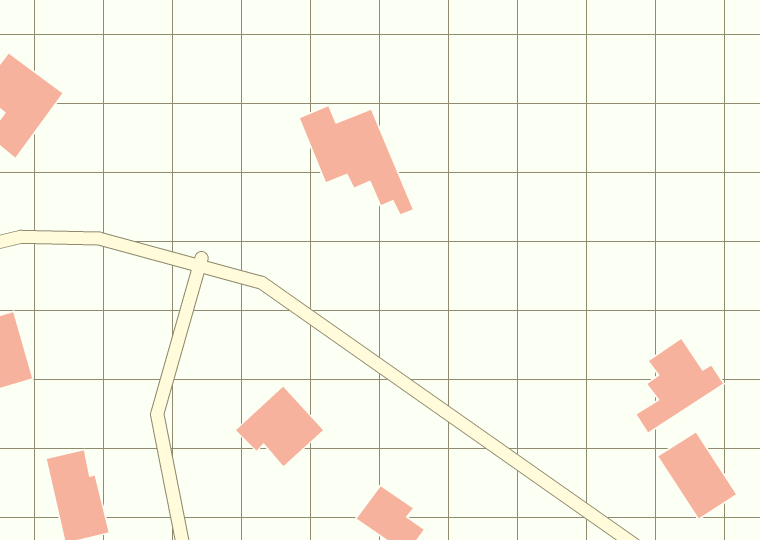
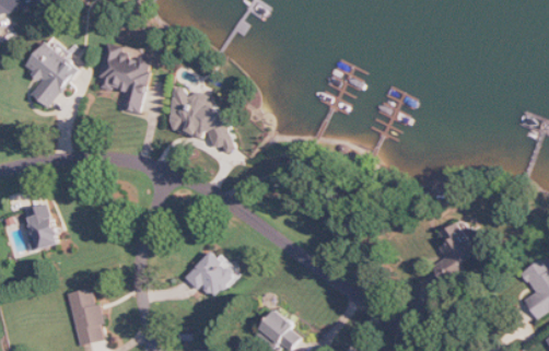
building: none -> [97,49,152,114]
building: [299,105,414,215] -> [164,85,235,153]
building: [657,431,737,519] -> none

